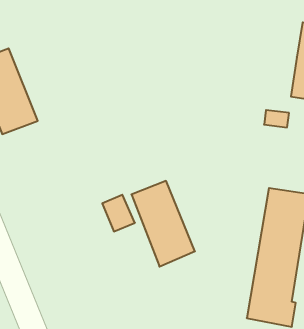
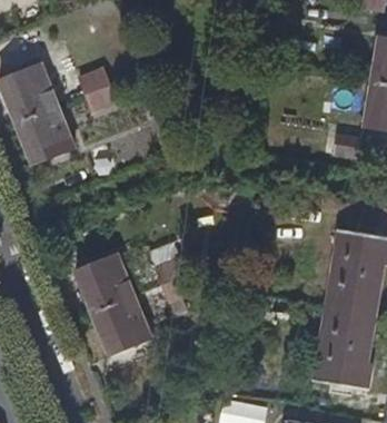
building: none -> [79,69,117,112]
building: [131,181,195,267] -> [75,258,148,357]

